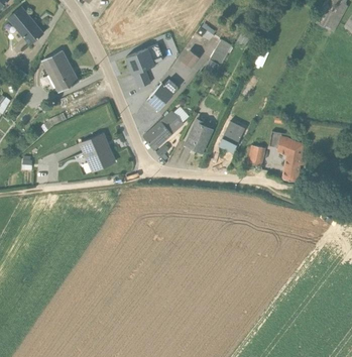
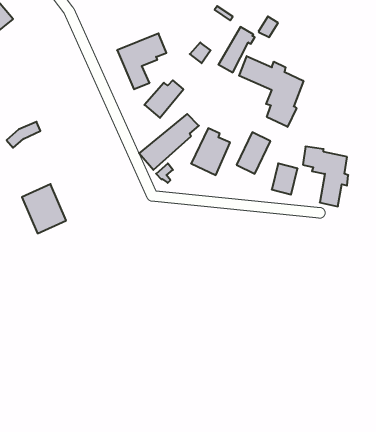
building: [40,49,79,93] -> none
building: none -> [239,56,303,127]
building: [80,133,114,171] -> [22,184,66,233]

